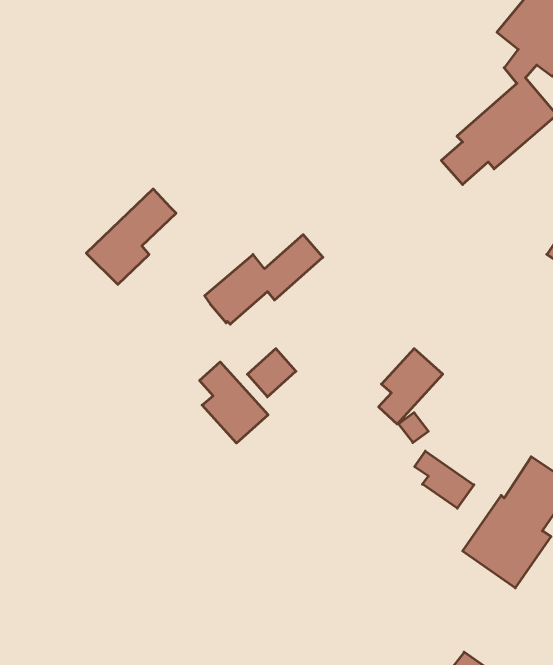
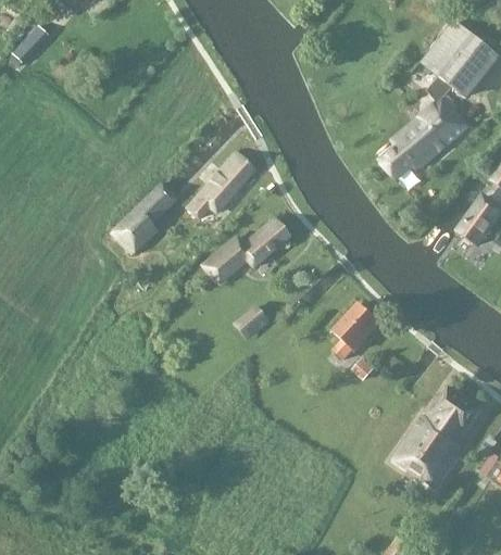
building: none -> [187,152,254,217]
building: [200,362,268,443] -> none
building: [415,451,474,508] -> none

